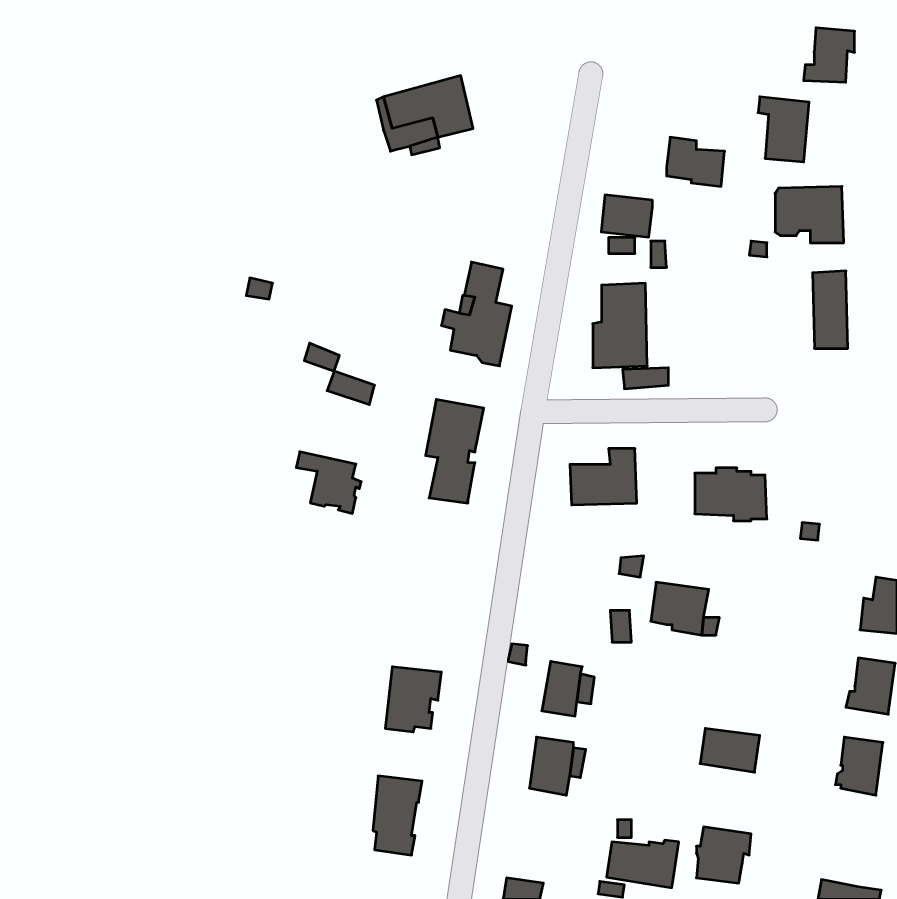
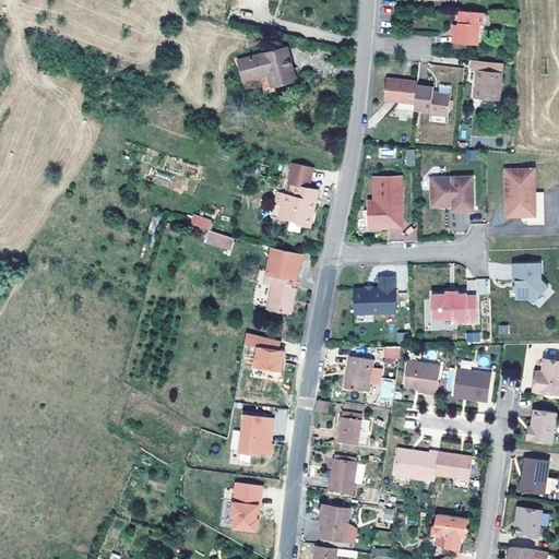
building: [804,28,855,82] -> [451,10,483,44]
building: [775,186,844,243] -> [430,176,473,211]
building: [601,195,652,237] -> [384,78,416,104]
building: none -> [512,262,547,301]
building: [296,452,361,513] -> [243,332,284,370]
building: none -> [344,356,373,391]
building: none -> [453,369,490,401]
building: none -> [322,507,347,539]
building: none -> [515,507,542,537]
building: [607,840,679,888] -> [393,451,438,480]

